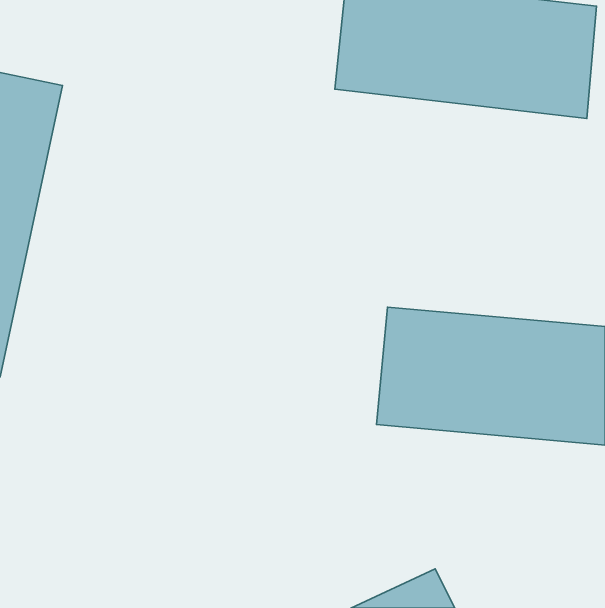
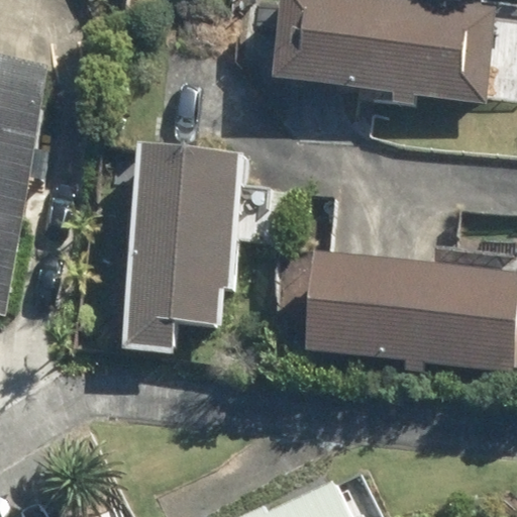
building: none -> [119,144,242,348]

